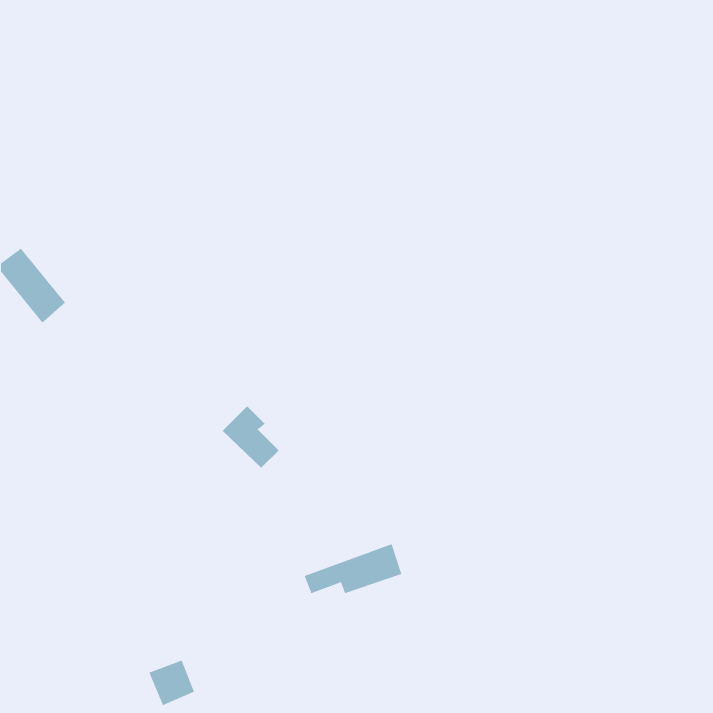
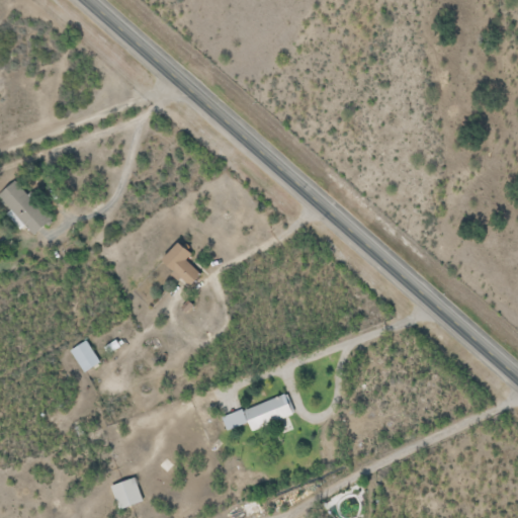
building: [222,406,279,469] -> [159,241,200,286]
building: none -> [71,340,99,371]

